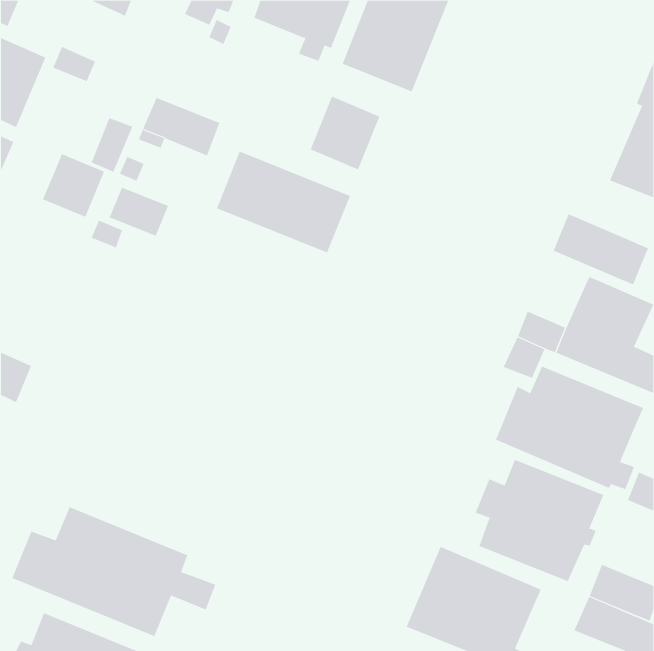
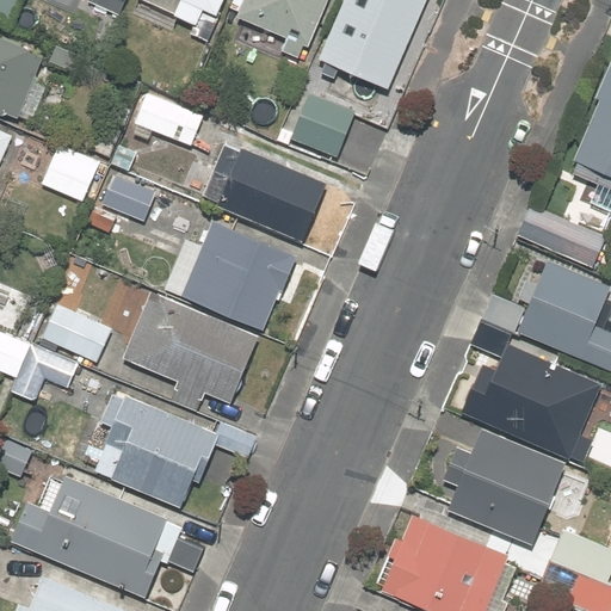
building: none -> [167,222,290,326]
building: none -> [124,290,260,415]
building: none -> [41,303,110,360]
building: none -> [11,344,79,402]
building: none -> [92,393,258,510]

